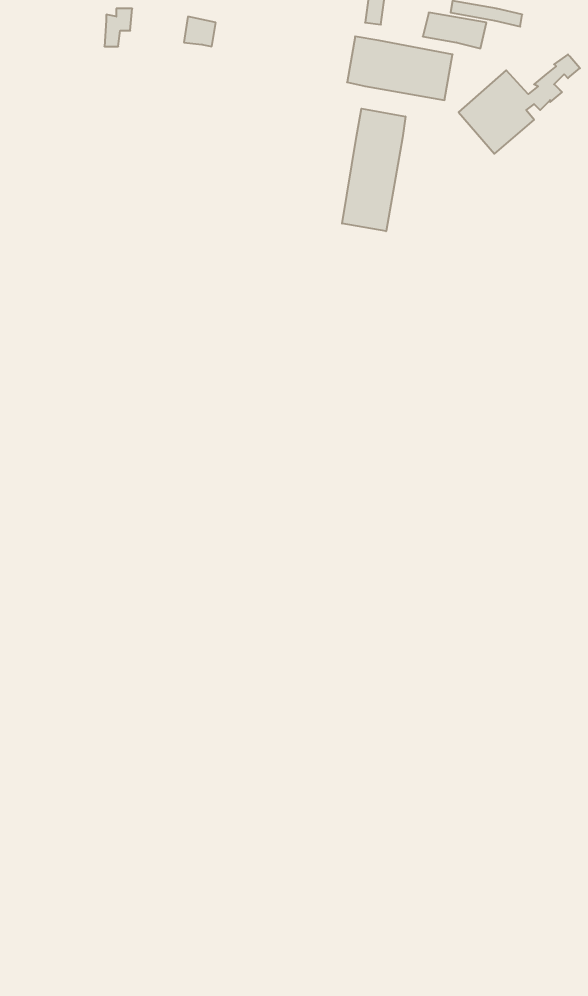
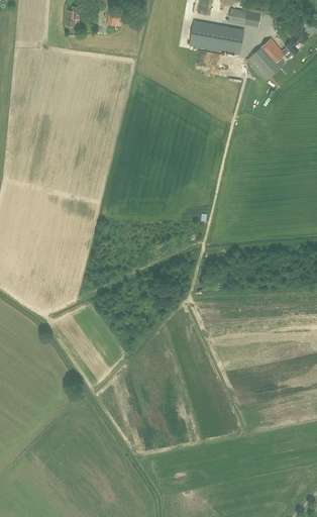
building: [342,109,405,231] -> none

